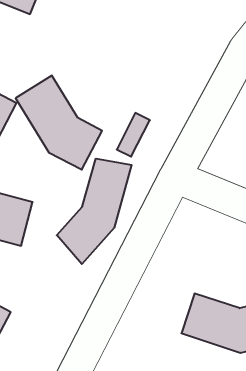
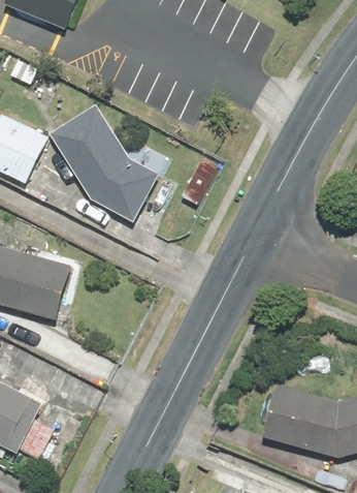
building: [57,159,132,264] -> none

